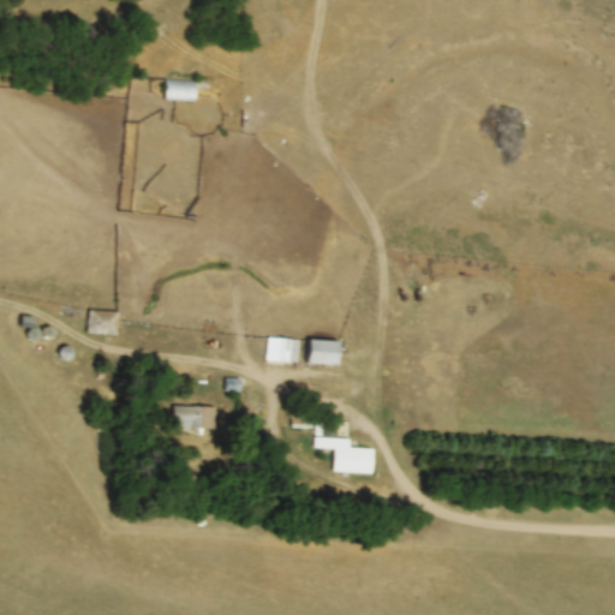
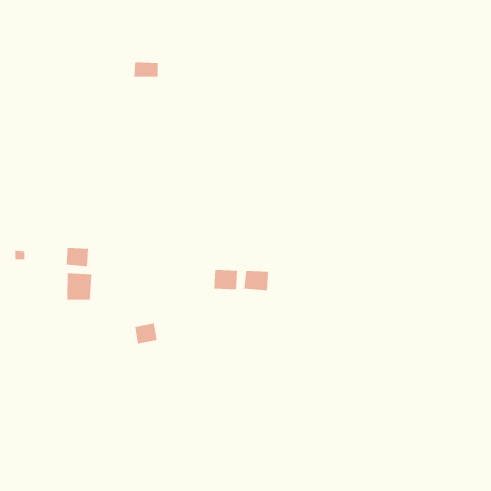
building: none -> [67,272,92,300]
building: [316,420,375,472] -> none

